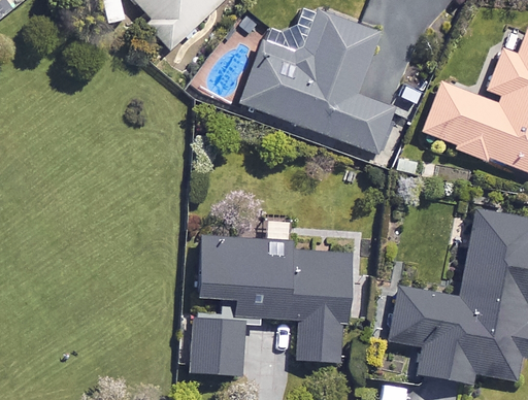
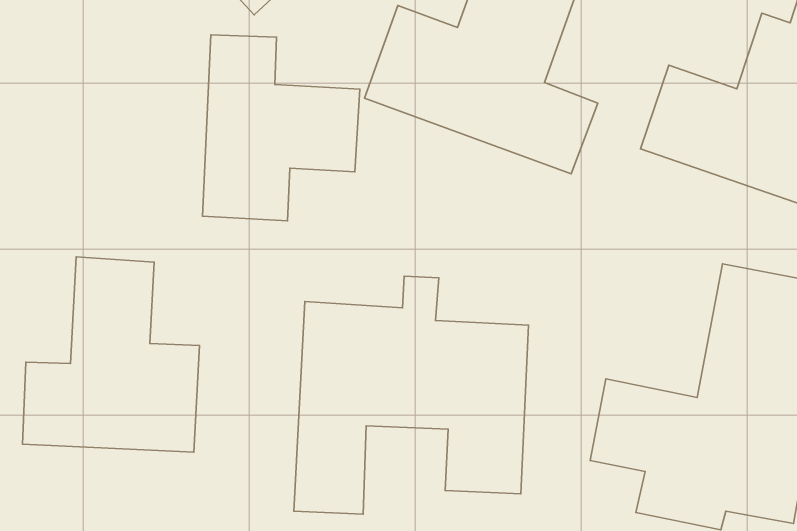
building: none -> [202,35,360,221]
building: none -> [23,257,199,452]

